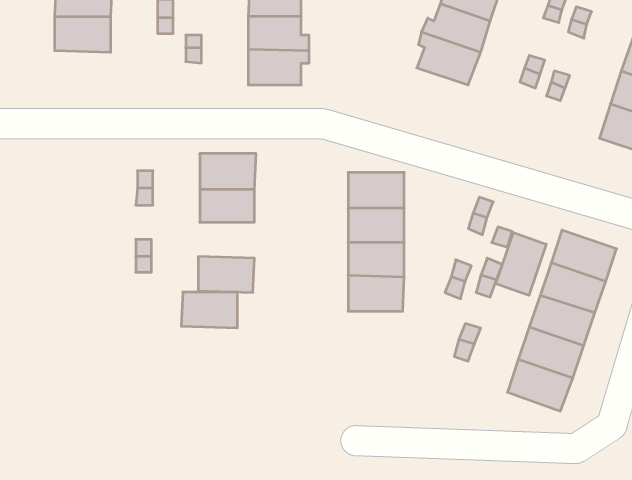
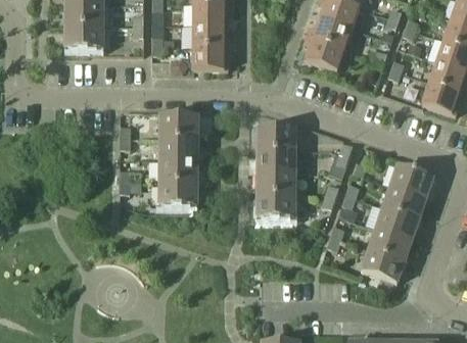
building: [496,233,546,295] -> none
building: [181,292,237,328] -> [159,159,196,183]

